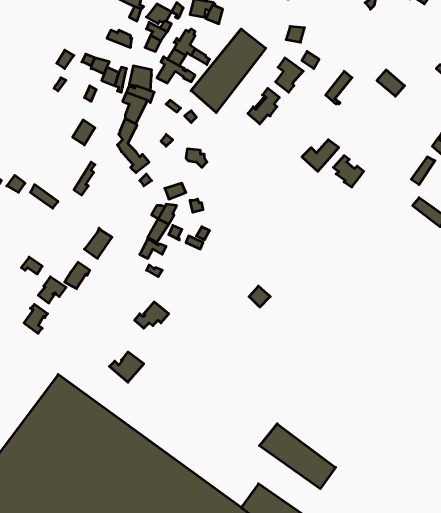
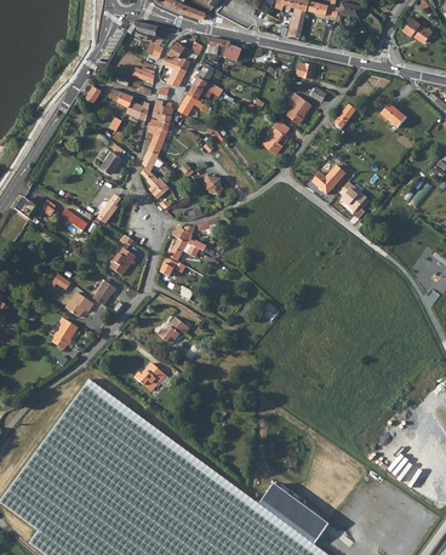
building: [191,29,266,113] -> none
building: [259,424,336,489] -> none

